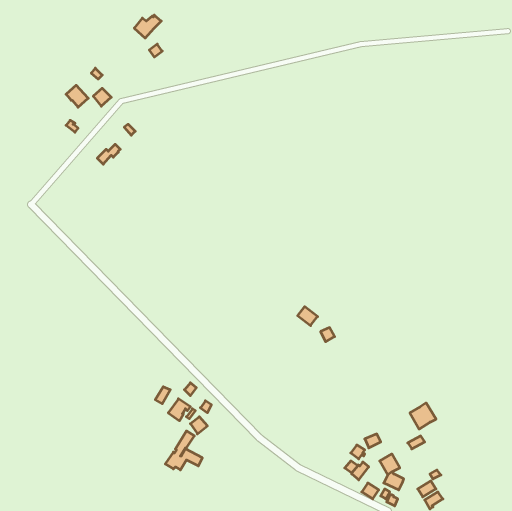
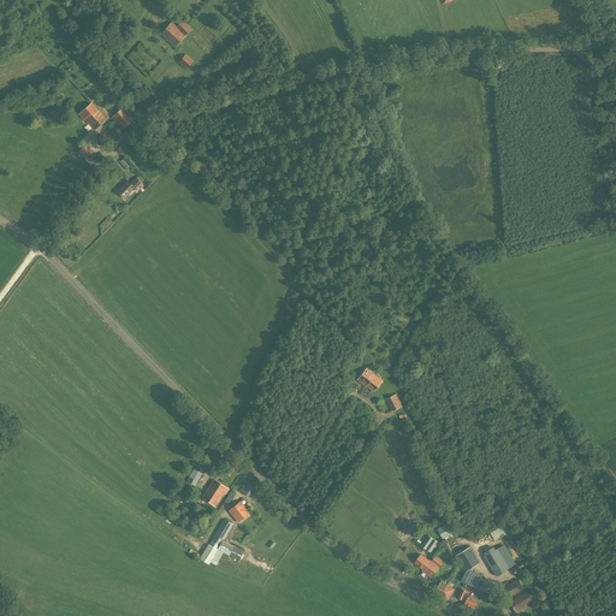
building: [410,403,436,429] -> [485,544,516,575]

